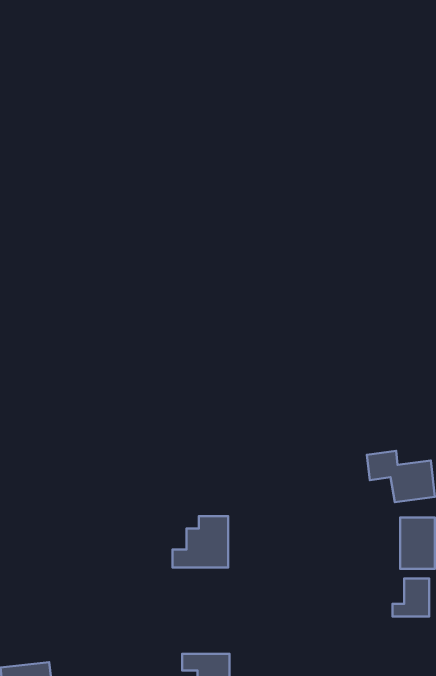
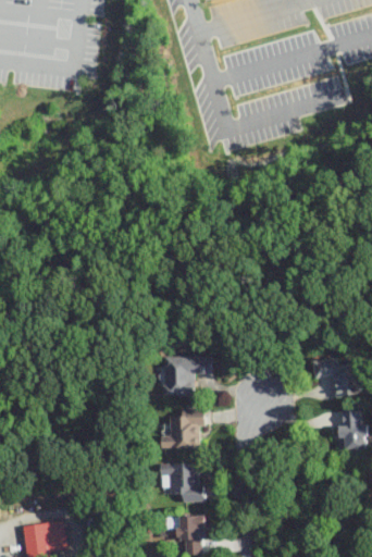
building: none -> [166,355,210,395]
building: [392,579,429,617] -> none
building: none -> [159,462,202,502]

